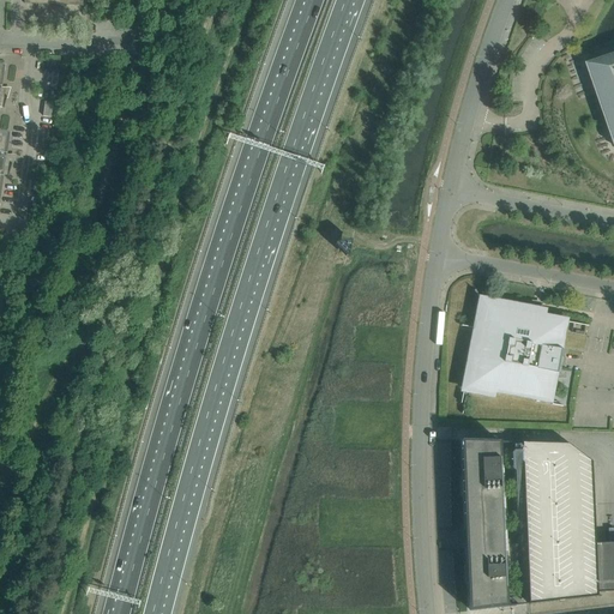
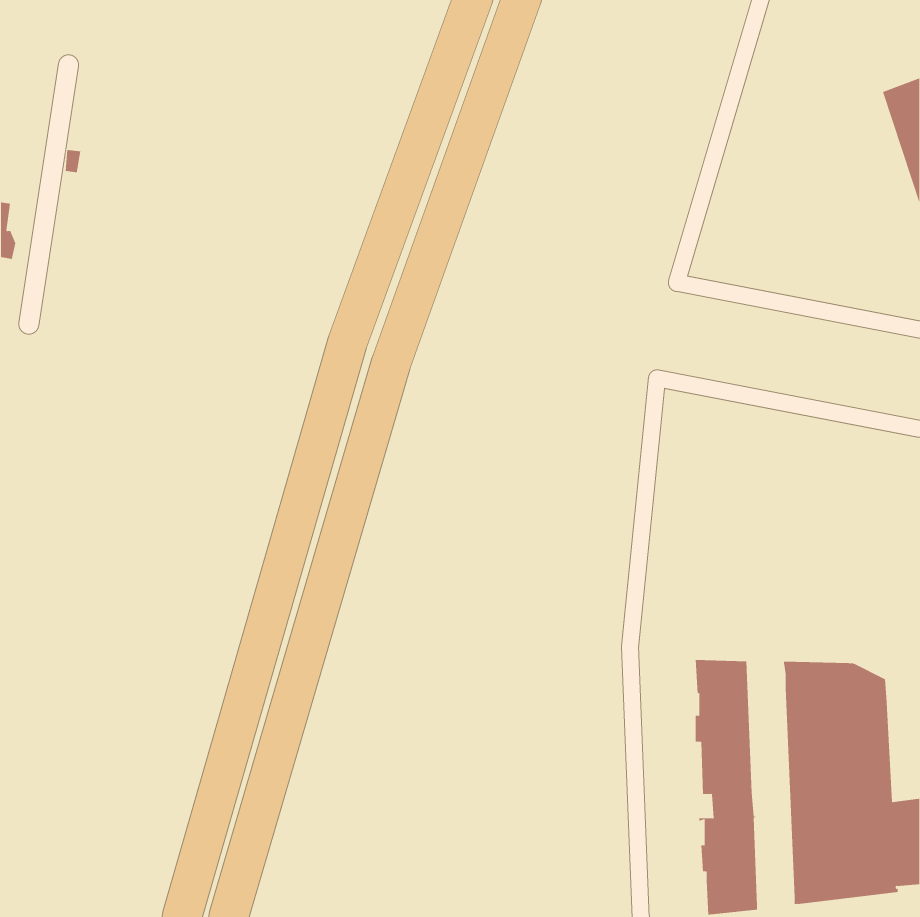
building: [468,303,566,399] -> none

